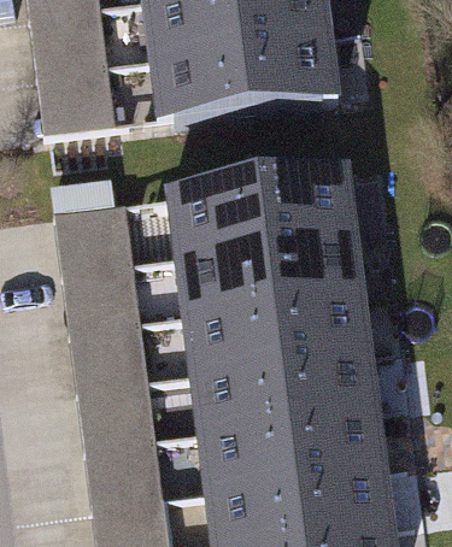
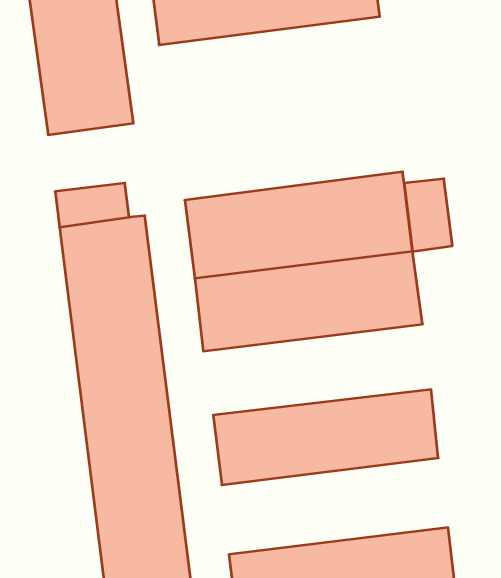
building: [141,39,337,123] -> none
building: [178,299,371,376] -> none
building: [194,412,386,494] -> none

